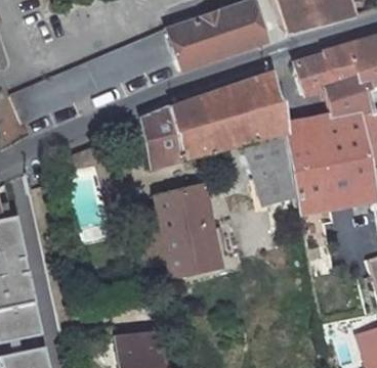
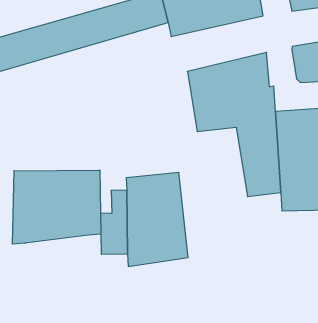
building: [140,97,217,168] -> none
building: none -> [12,170,101,244]

